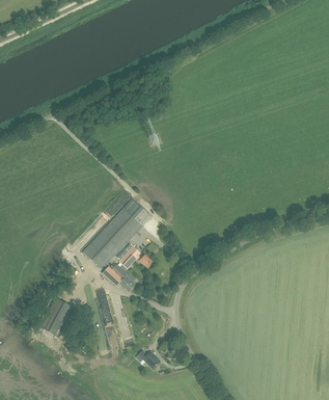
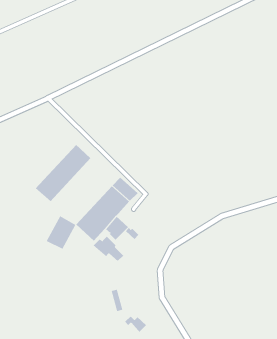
building: none -> [35,144,91,202]
building: [40,298,74,336] -> [46,215,76,250]

